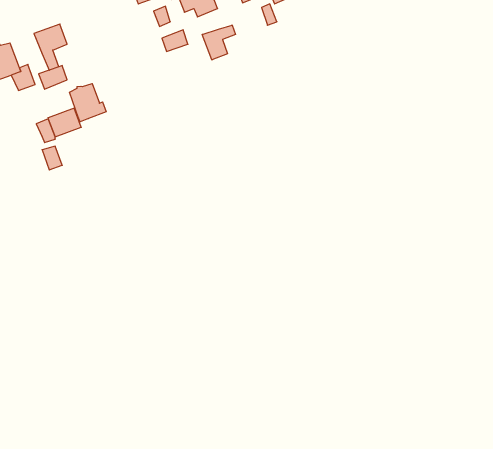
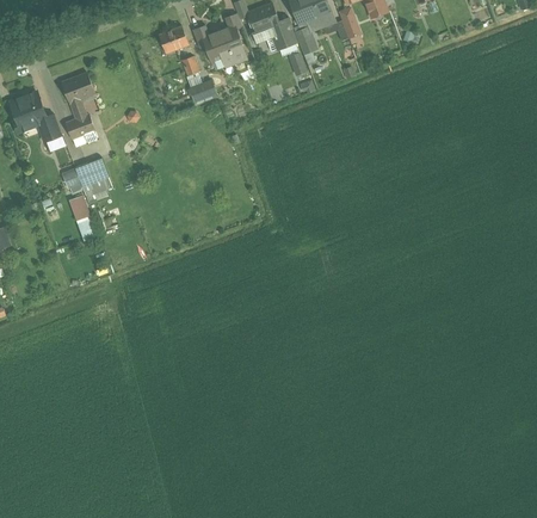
building: [202,25,236,60] -> none
building: [69,84,106,122] -> none

